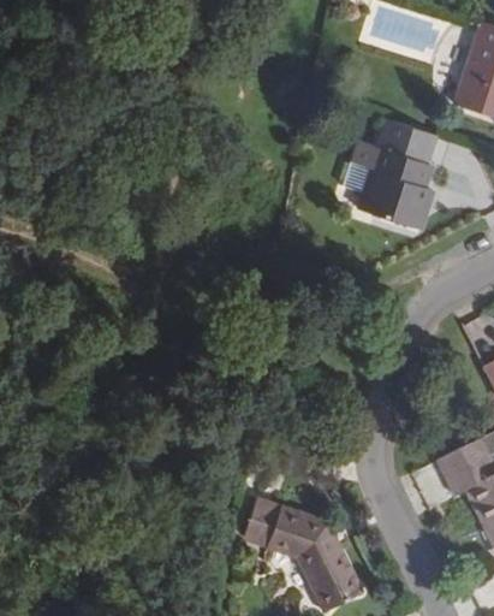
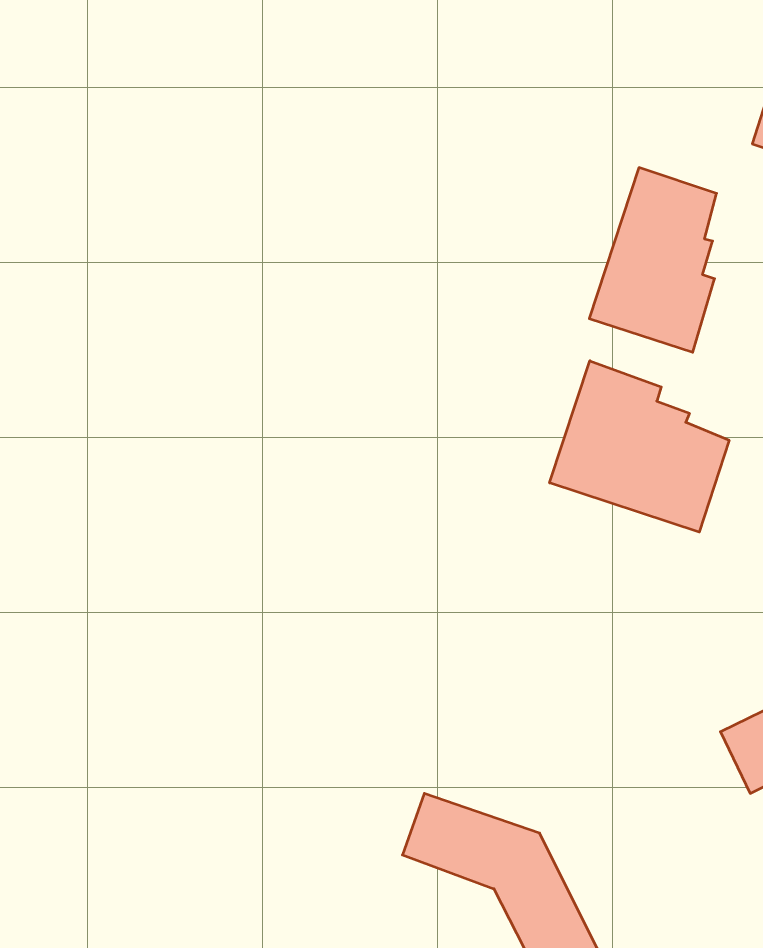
building: none -> [550,361,729,532]

